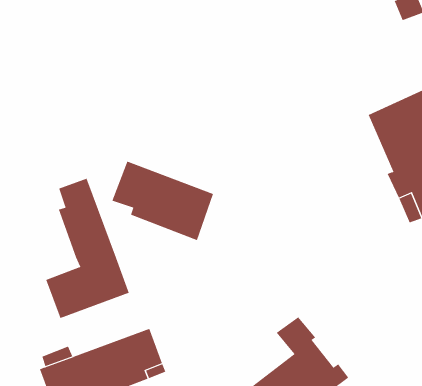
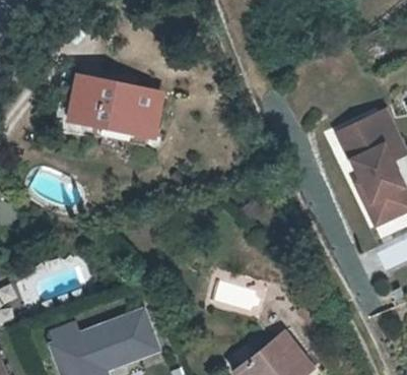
building: [111,161,214,241] -> [62,74,150,143]
building: [46,178,129,319] -> none

